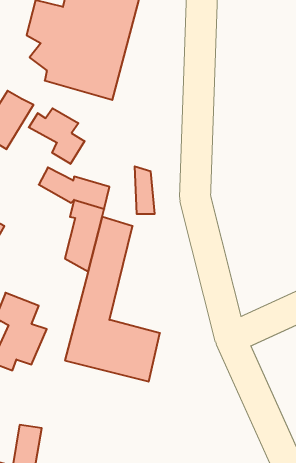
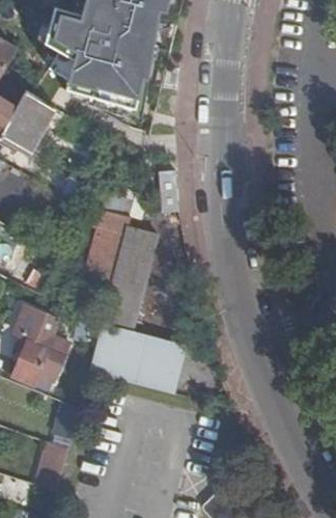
building: [29,108,85,164] -> none

